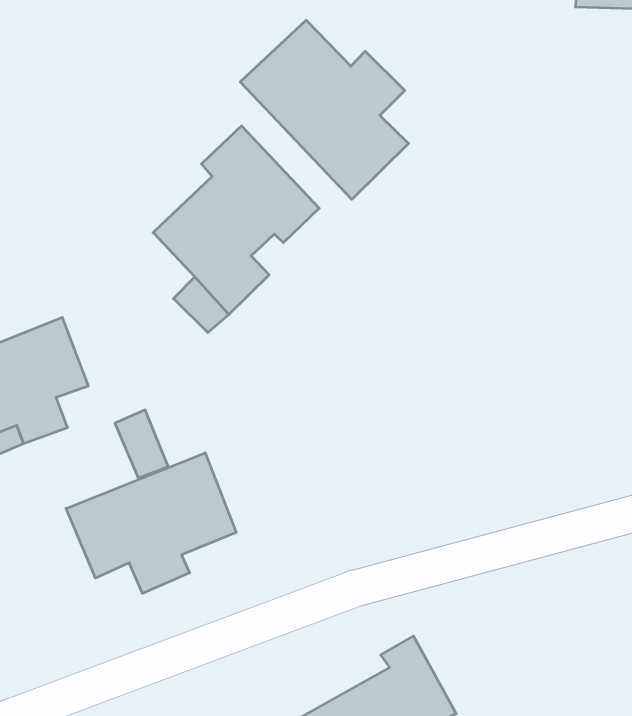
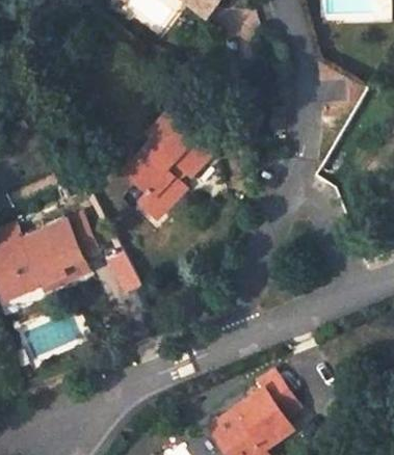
building: [240,20,409,199] -> none
building: [66,453,236,593] -> none

